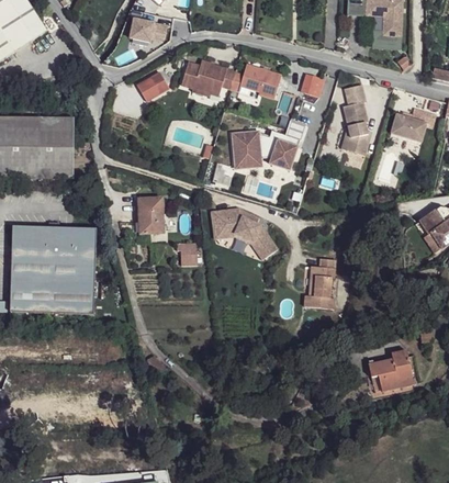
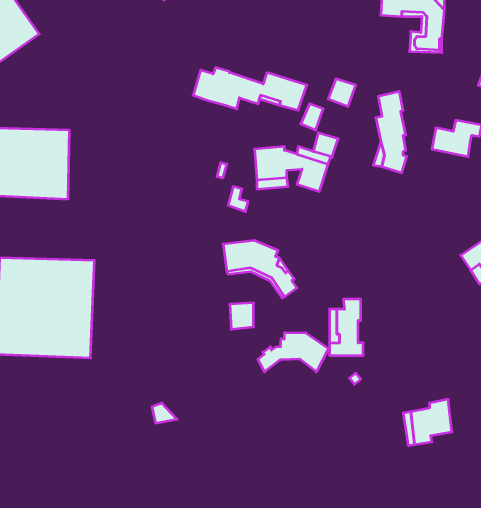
building: [128,16,166,41] -> none
building: [138,72,170,102] -> none
building: [138,200,162,233] -> none
building: [176,244,197,267] -> [230,303,254,329]
building: none -> [258,333,328,372]

